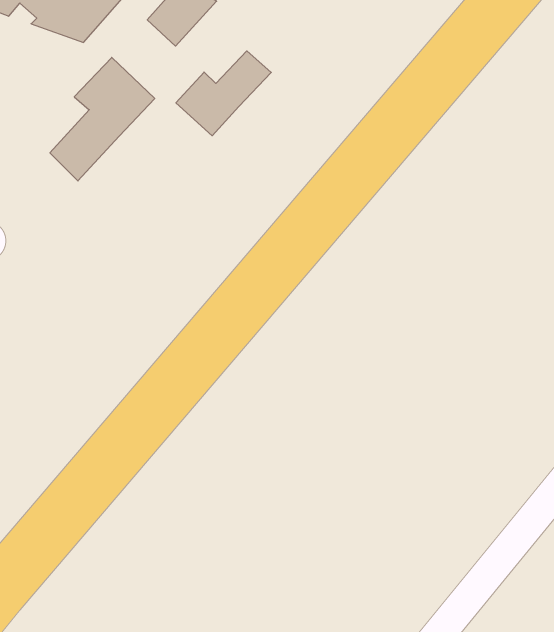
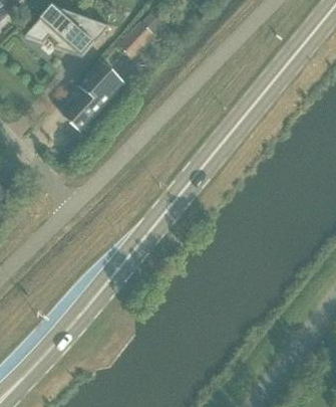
building: [176,51,271,136] -> none

